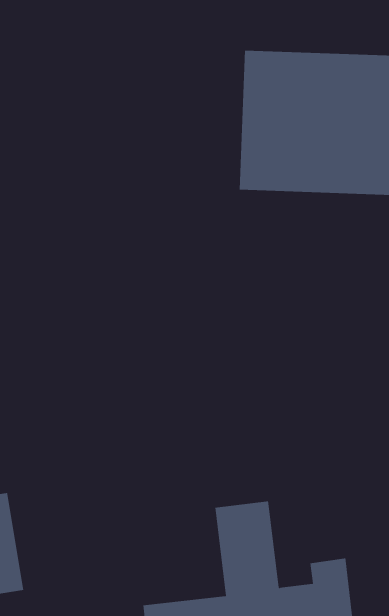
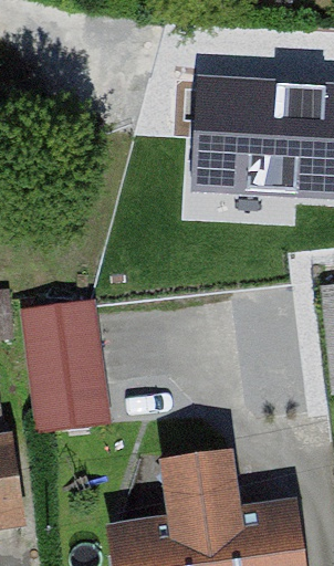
building: none -> [24,306,105,432]

